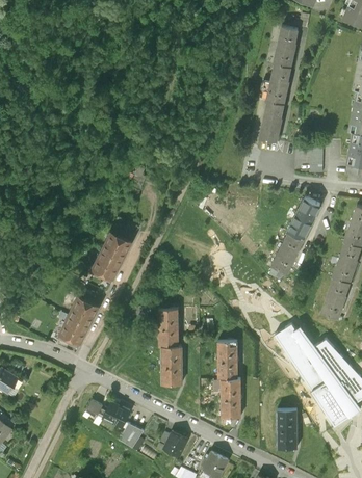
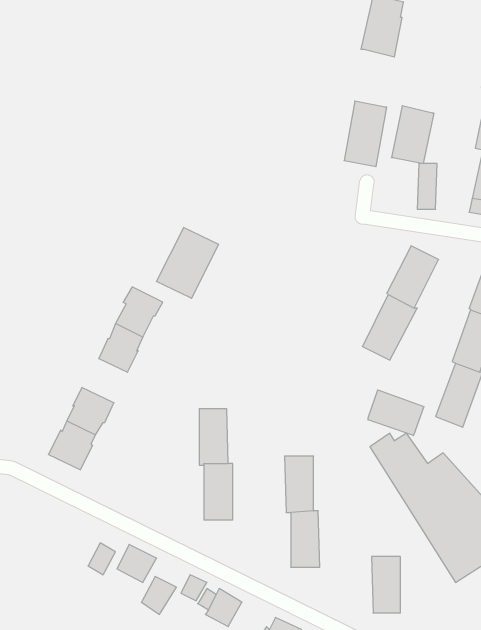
building: [264,62,293,102] -> [391,106,434,164]
building: none -> [157,227,218,298]
building: none -> [368,390,424,436]

